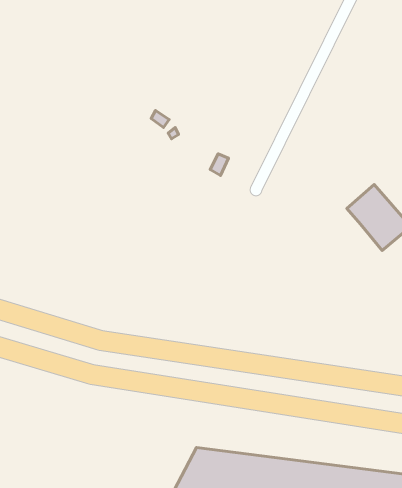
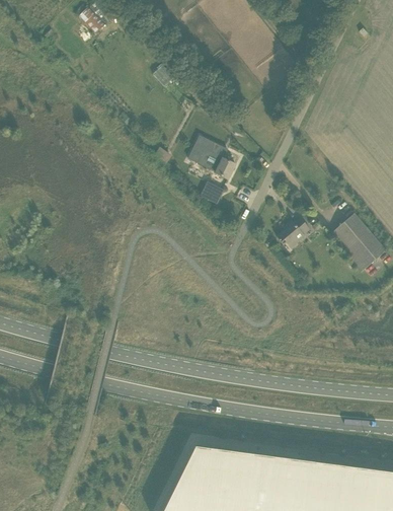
building: none -> [191,136,237,179]
building: none -> [278,217,311,248]

